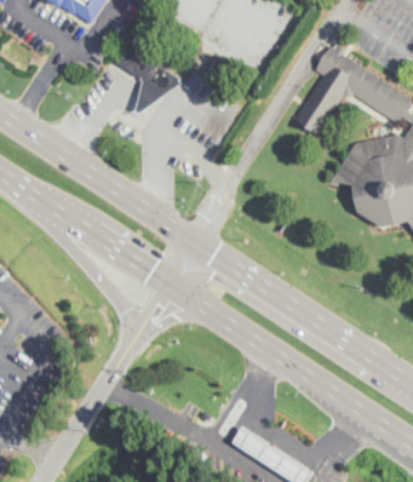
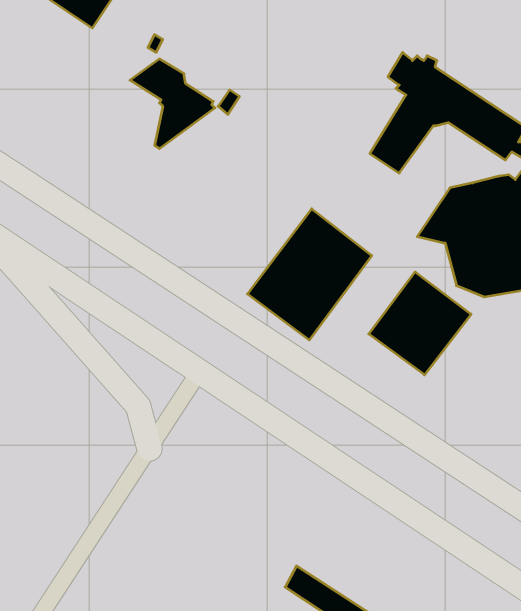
building: none -> [247,209,372,340]
building: none -> [369,272,471,375]

